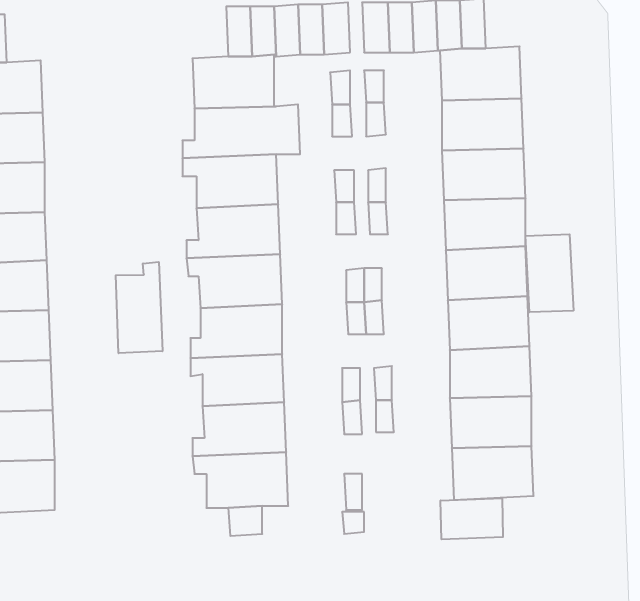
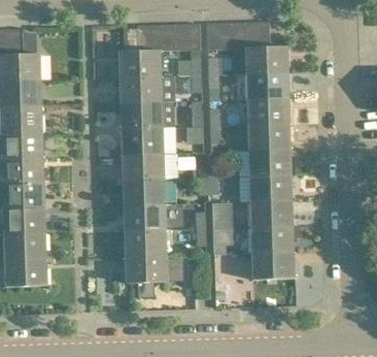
building: [526,234,573,312] -> none
building: [116,262,162,353] -> none
building: [441,498,503,539] -> none

